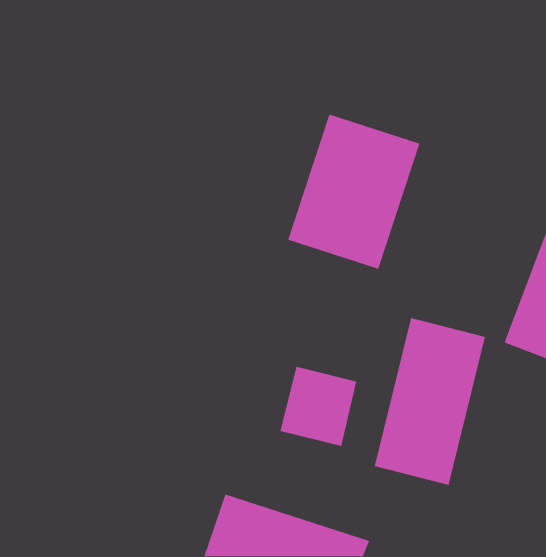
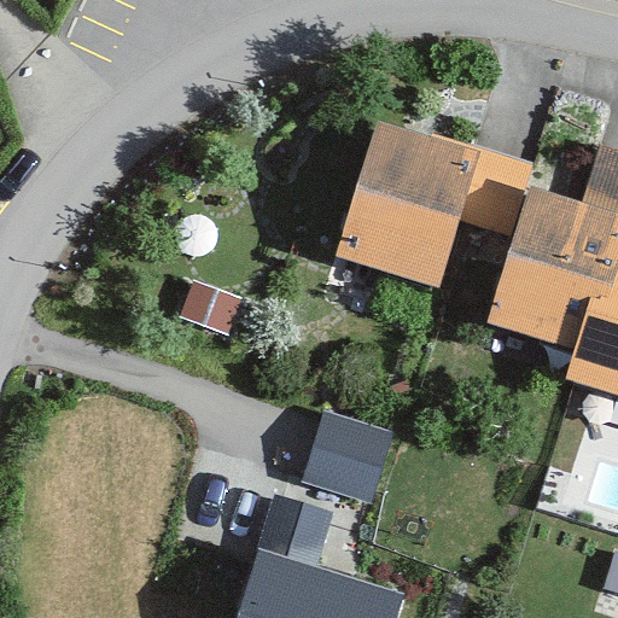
building: none -> [480,190,612,350]
building: [374,317,486,486] -> none

